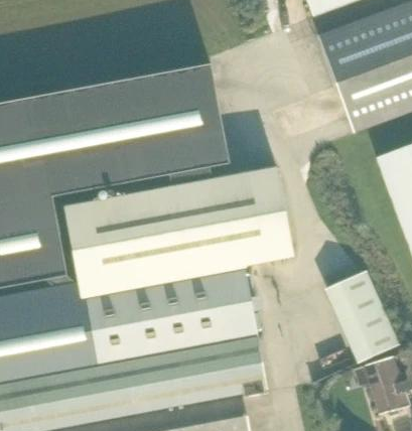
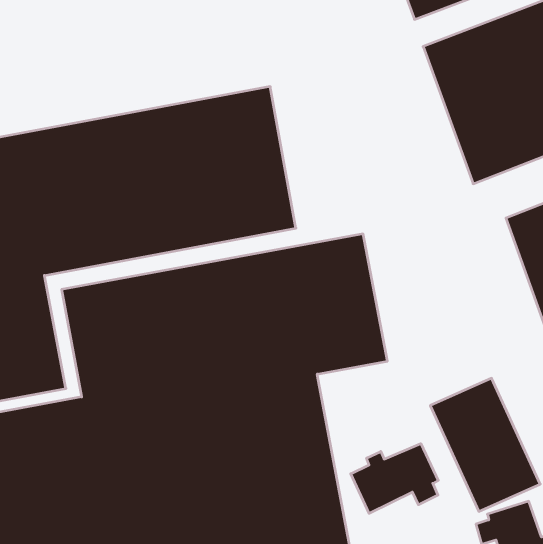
building: none -> [351,444,438,513]

